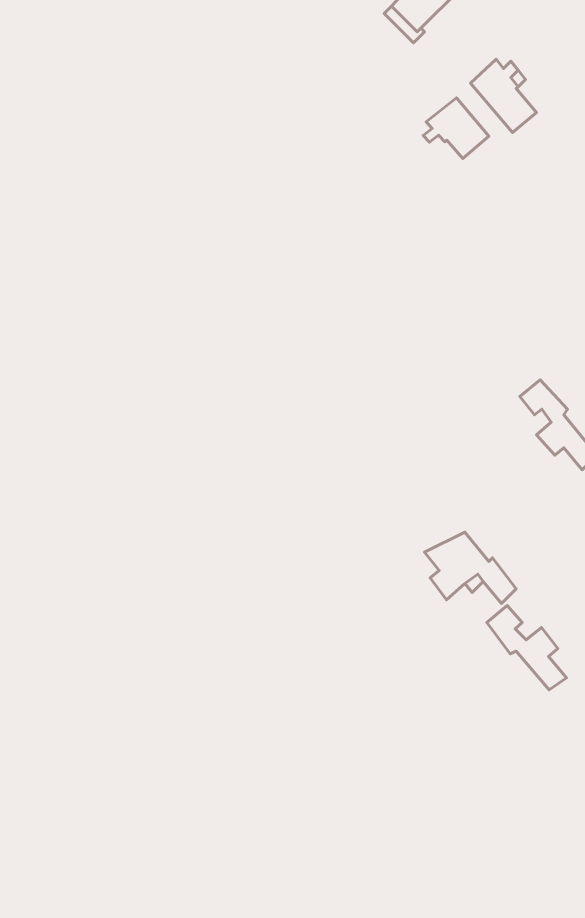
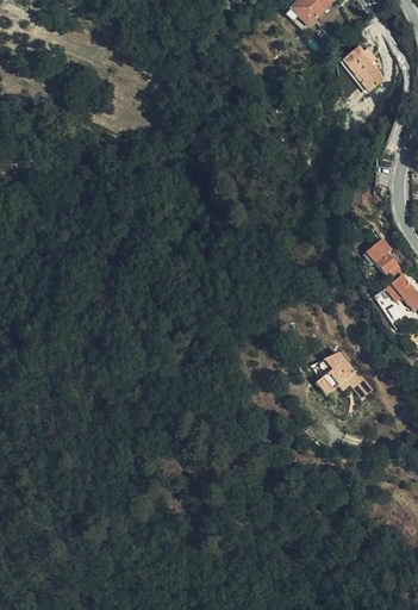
building: [423,98,489,158] -> none
building: [487,605,567,690] -> none

